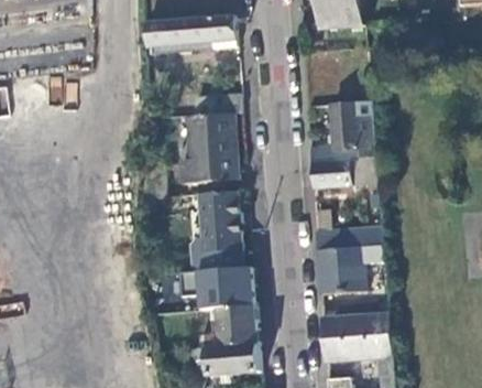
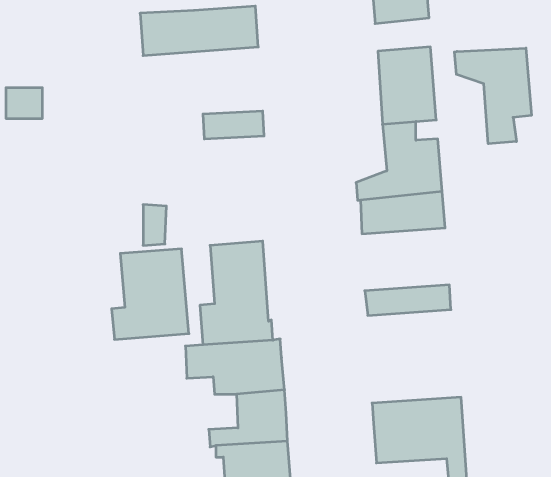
building: none -> [454,48,531,144]
building: [178,117,237,185] -> [112,249,189,339]
building: [316,246,381,295] -> none

